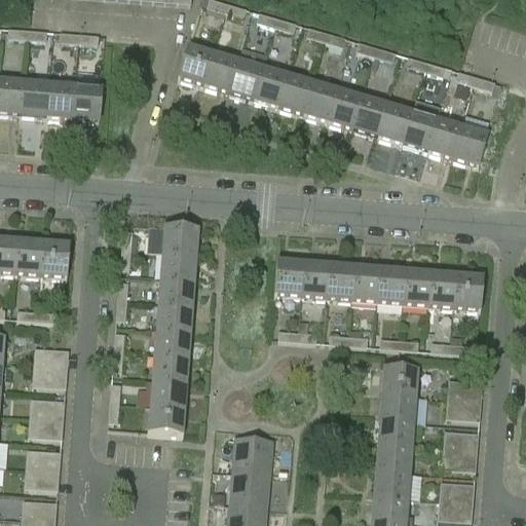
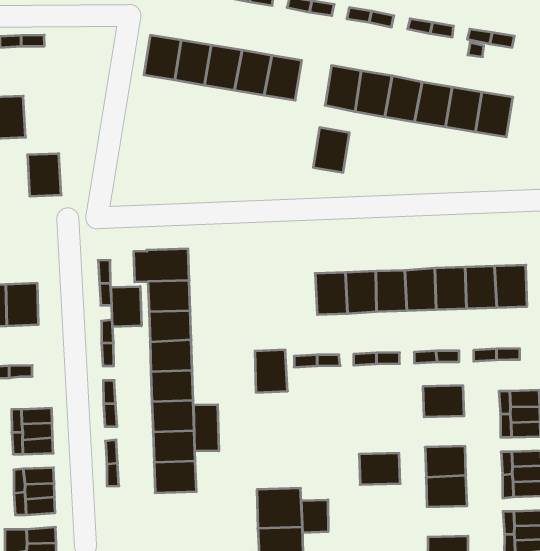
building: [304,80,338,120] -> [313,128,349,172]
building: [73,83,102,120] -> [27,154,61,196]
building: none -> [111,286,141,327]
building: [275,259,304,296] -> [255,350,288,392]
building: none -> [194,405,219,451]
building: [380,392,416,421] -> [359,453,400,485]
building: none -> [302,500,328,533]
building: [374,468,410,497] -> none

